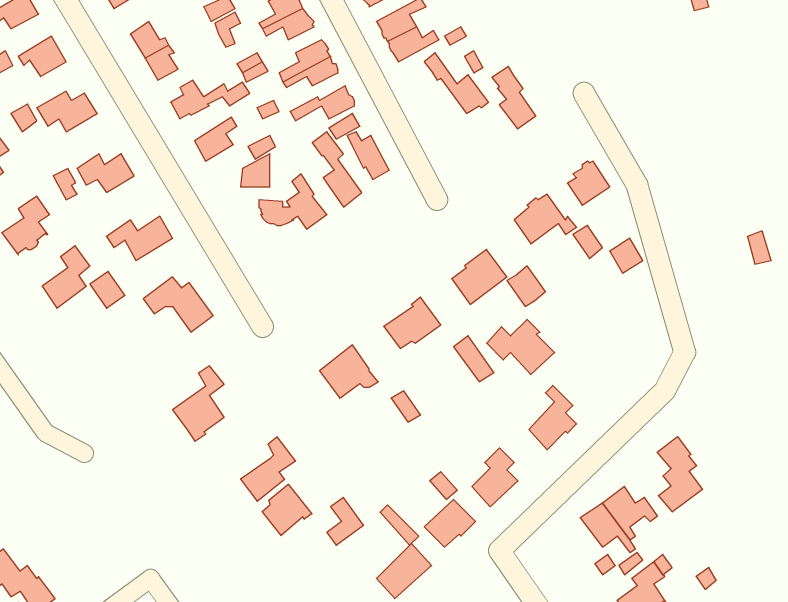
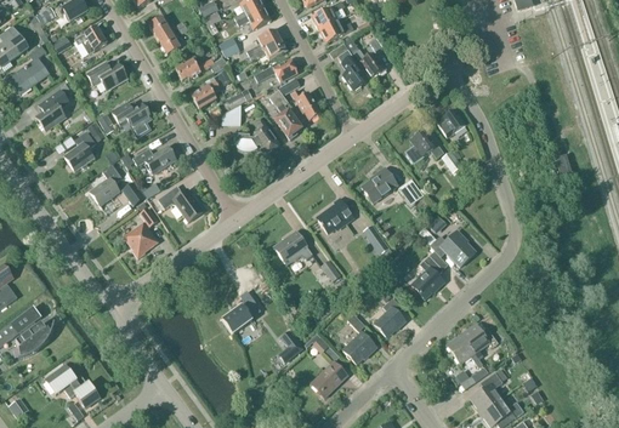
building: [492,66,536,129] -> [336,48,365,90]
building: [487,319,555,375] -> [430,229,475,266]
building: [173,366,224,441] -> [123,207,157,257]
building: [657,437,702,512] -> none
building: [262,484,312,536] -> none

